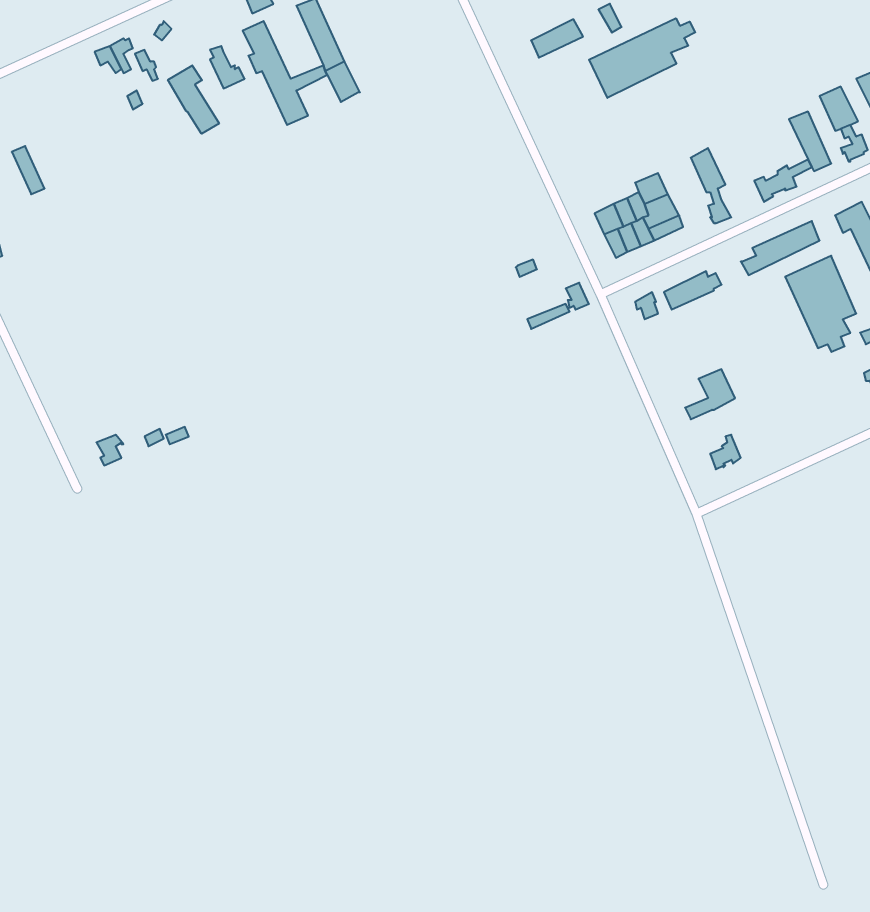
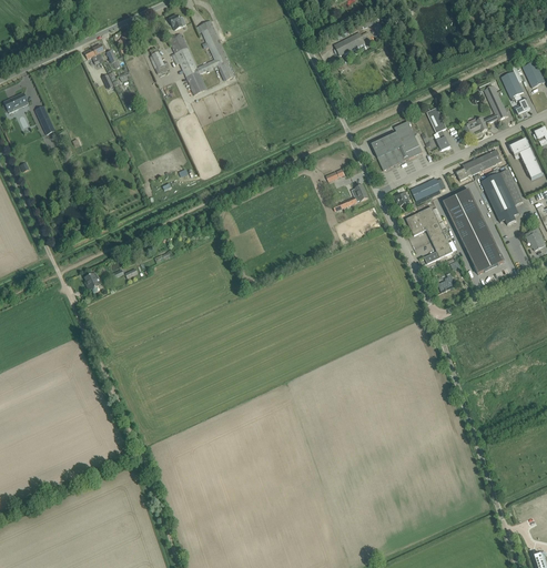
building: [589,18,695,98] -> none
building: [168,65,219,134] -> none
building: none -> [442,189,503,273]
building: none -> [405,206,444,240]

